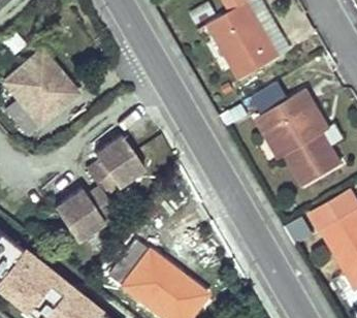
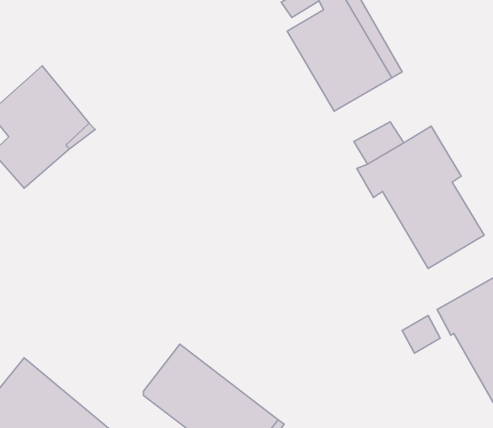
building: [54,132,144,240] -> none

